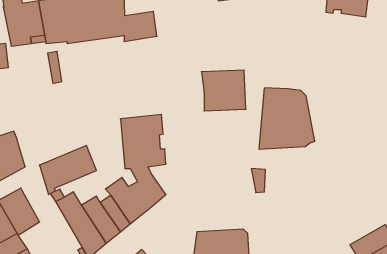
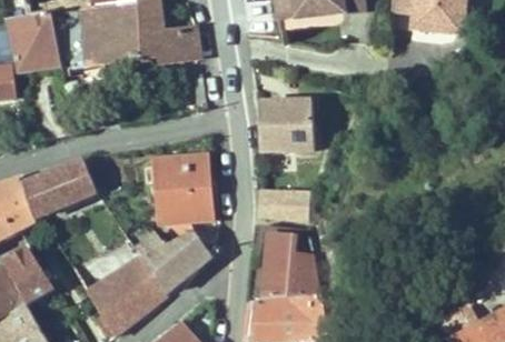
building: [259,88,315,149] -> [251,225,321,302]
building: none -> [259,191,303,221]
building: [39,146,96,194] -> [26,160,97,221]

